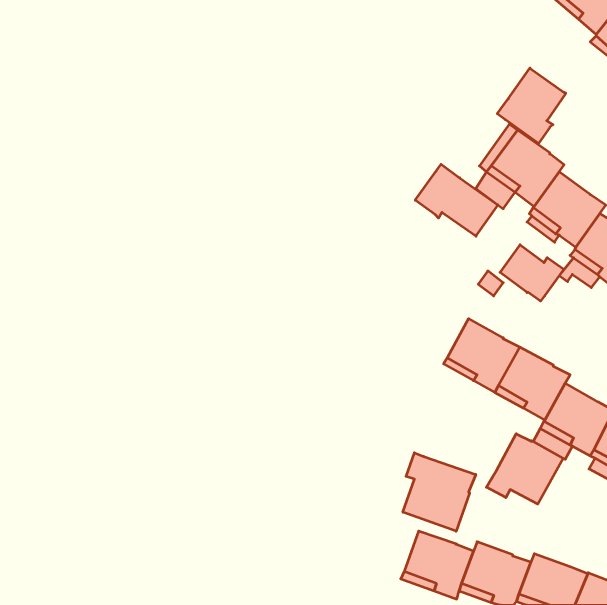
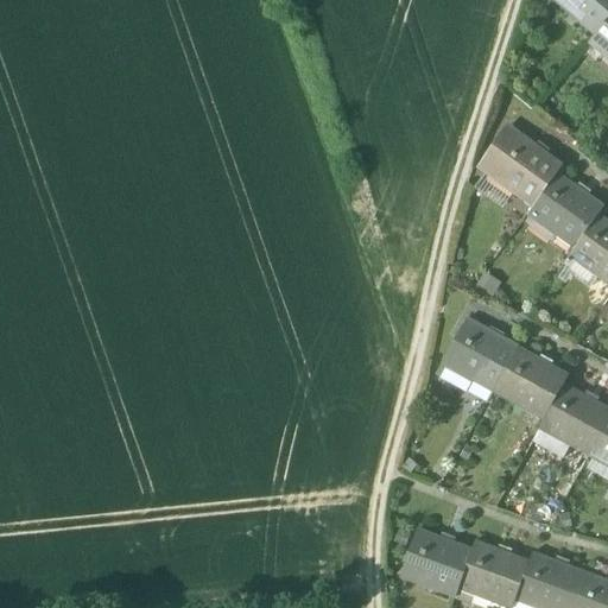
building: [497,68,566,143] -> none
building: [415,164,498,236] -> none
building: [500,245,564,301] -> none
building: [486,434,563,504] -> none
building: [403,453,476,531] -> none

